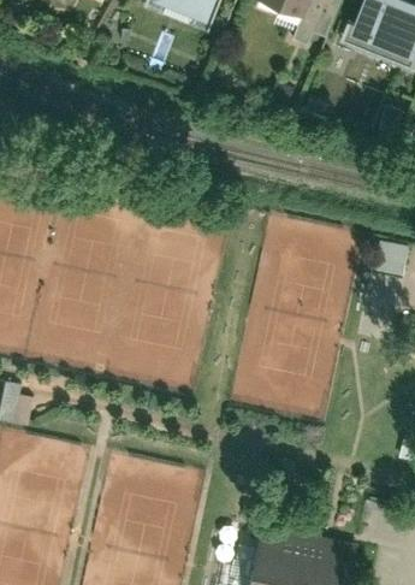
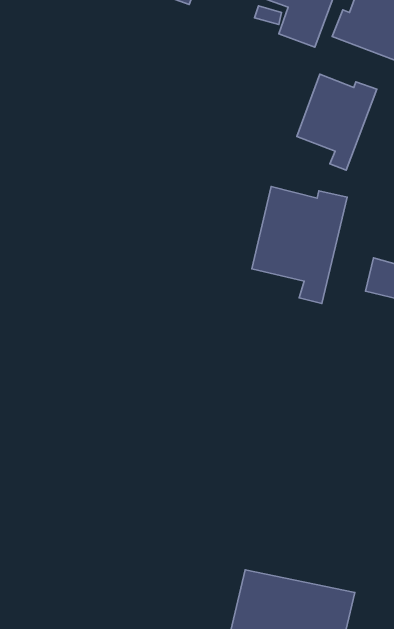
building: none -> [297,74,377,170]
building: none -> [252,187,347,303]

